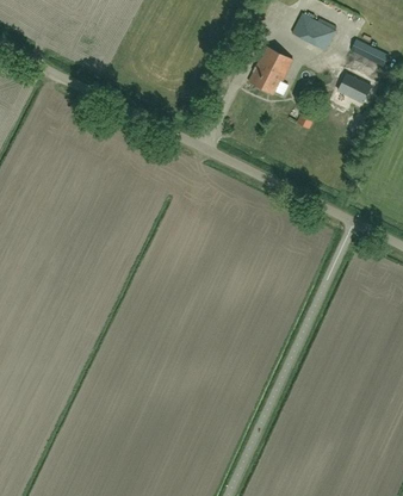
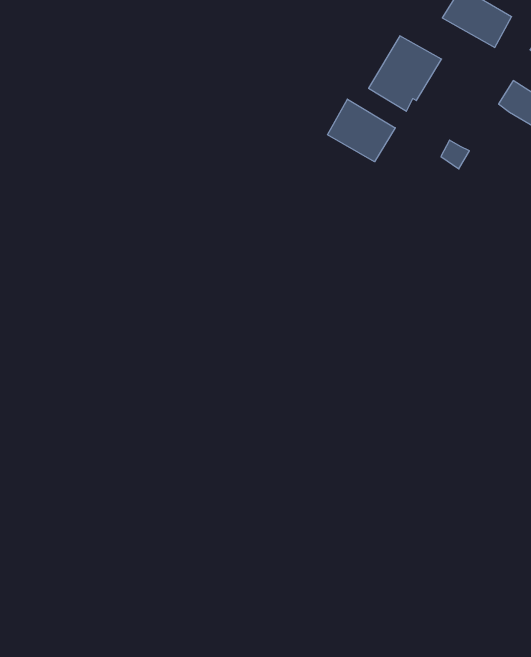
building: none -> [328,99,395,162]

